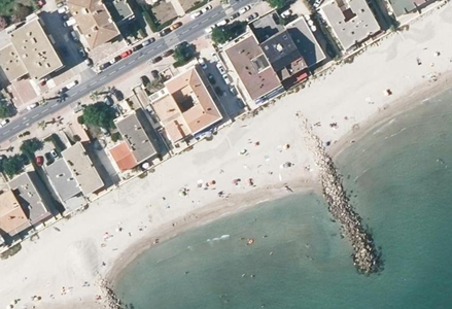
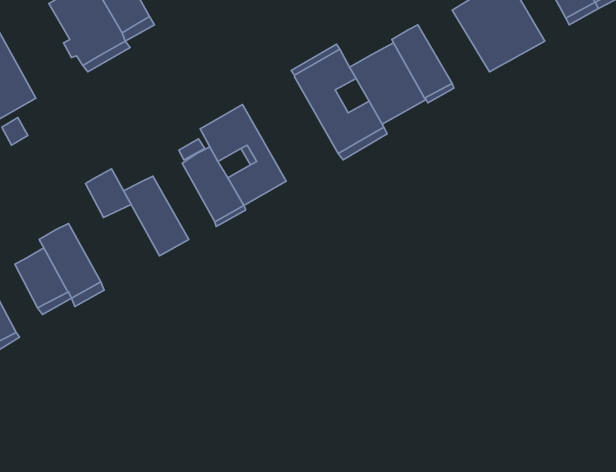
building: [108,141,137,172] -> [86,169,131,218]

